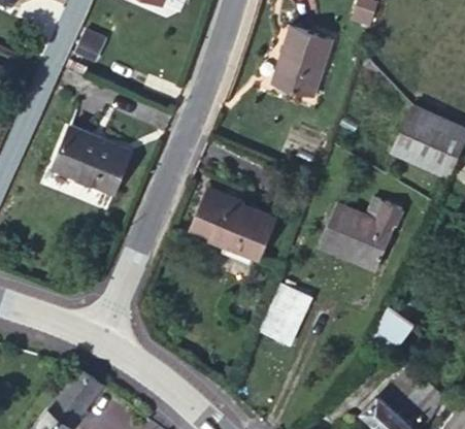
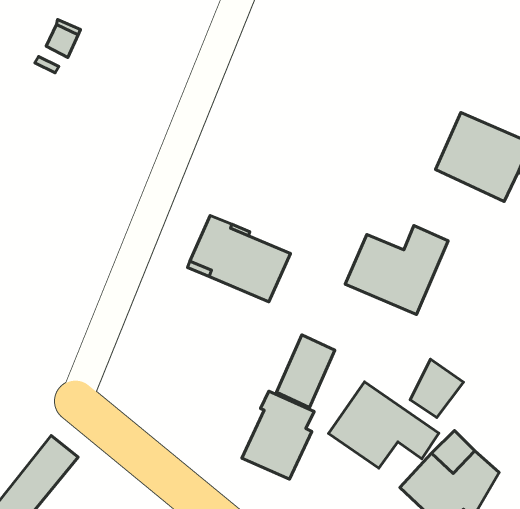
building: [273,28,331,96] -> none
building: [53,128,131,194] -> none
building: none -> [329,382,439,468]
building: none -> [242,391,314,479]

